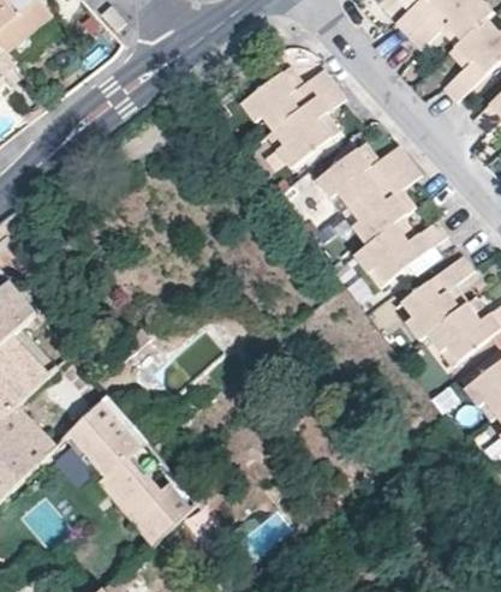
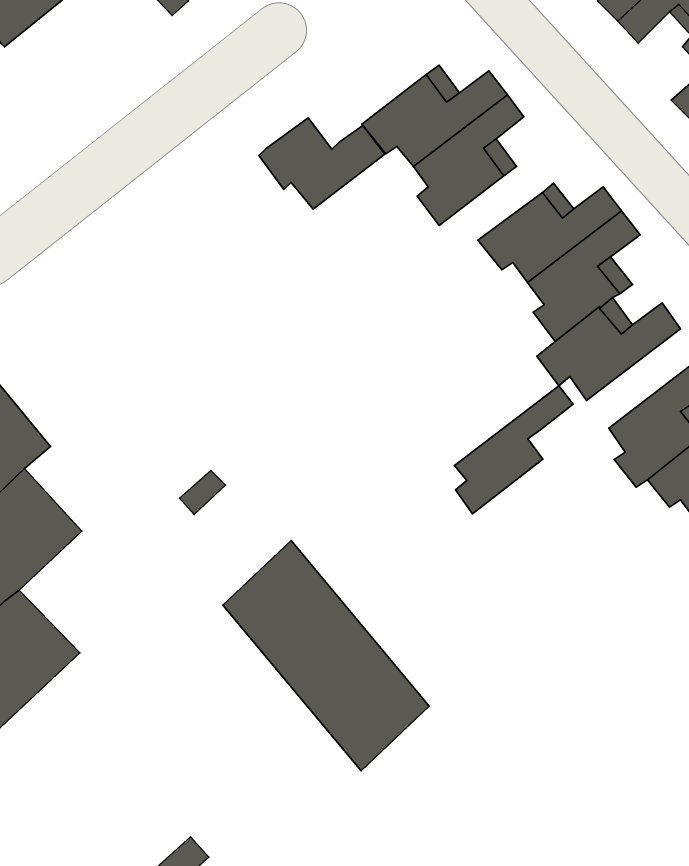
building: none -> [259,118,385,209]
building: none -> [455,386,573,514]
building: [62,395,197,545] -> [223,541,429,771]

